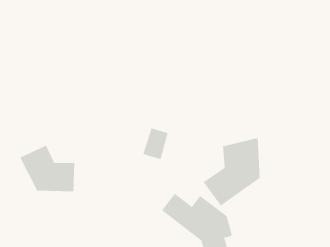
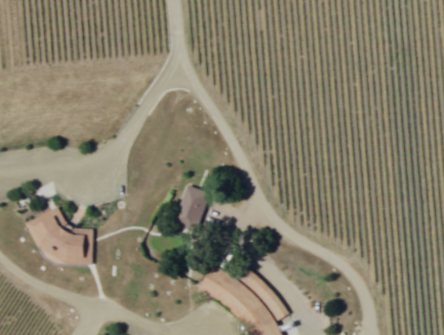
building: [203,137,260,206] -> none

